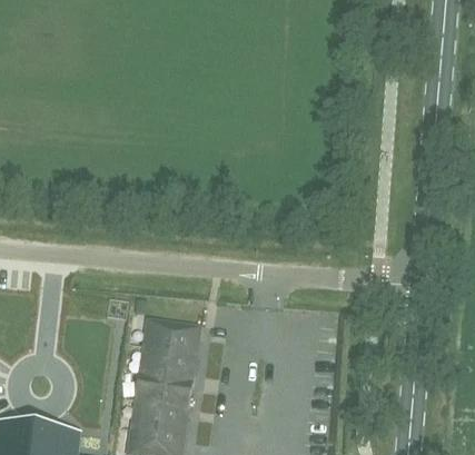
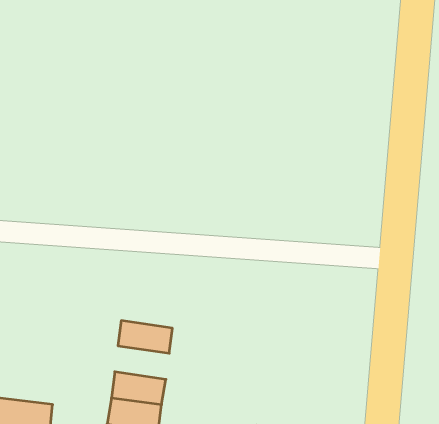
building: [142,317,198,353] -> none
building: [136,370,191,405] -> none

